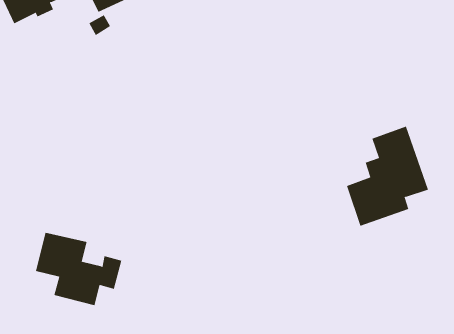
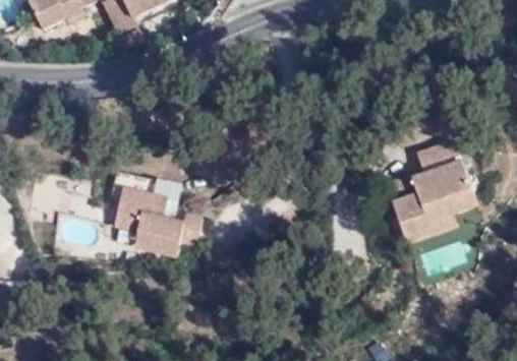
building: [35,232,122,306] -> [114,183,206,260]

